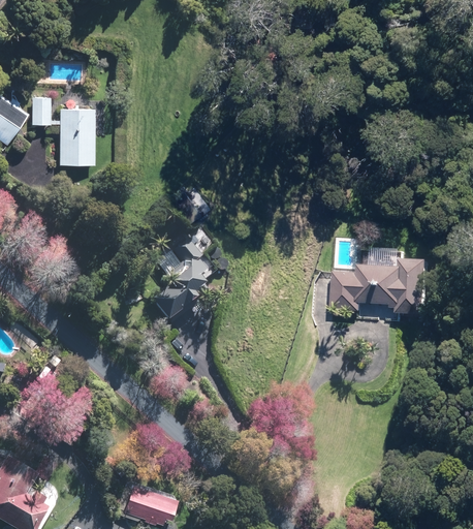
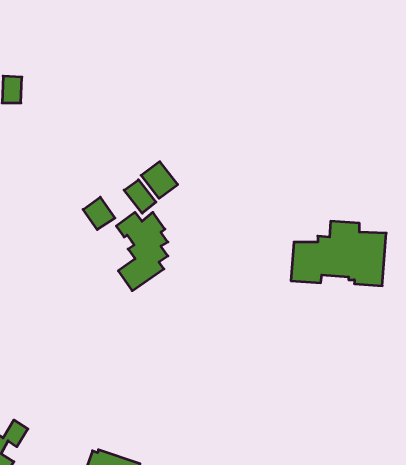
building: [60,108,97,165] -> none
building: none -> [124,180,156,213]
building: none -> [83,197,115,230]

